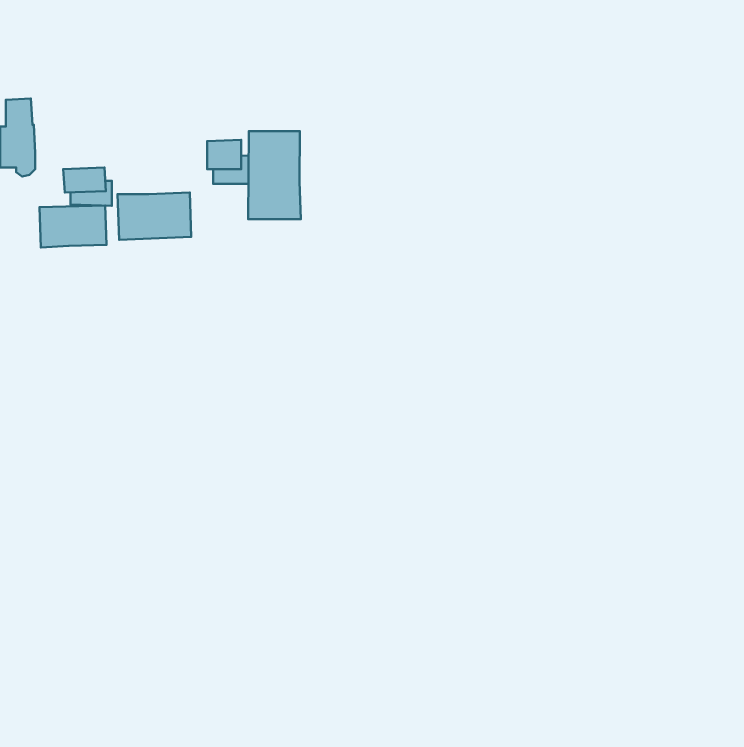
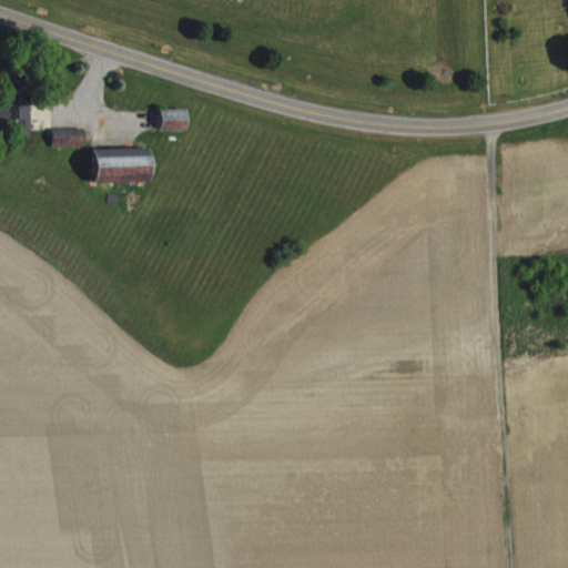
building: [248,131,301,219] -> none
building: [39,206,107,248] -> none

